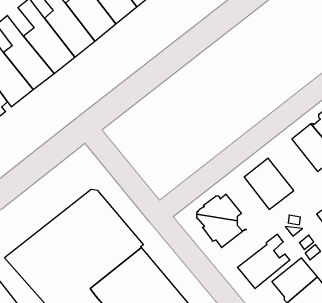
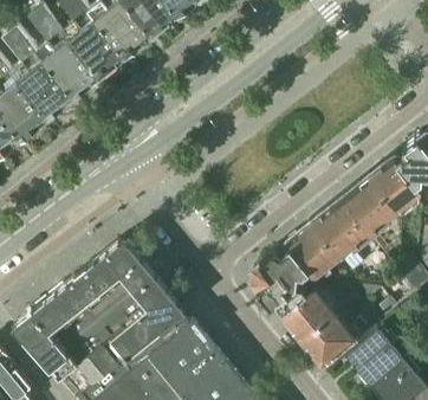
building: none -> [341,180,402,244]
building: none -> [288,227,342,277]
building: none -> [283,292,339,340]

